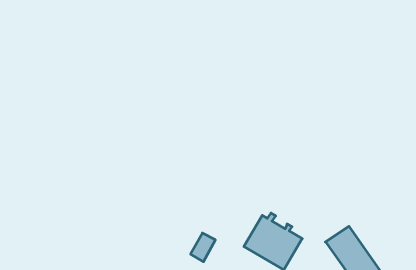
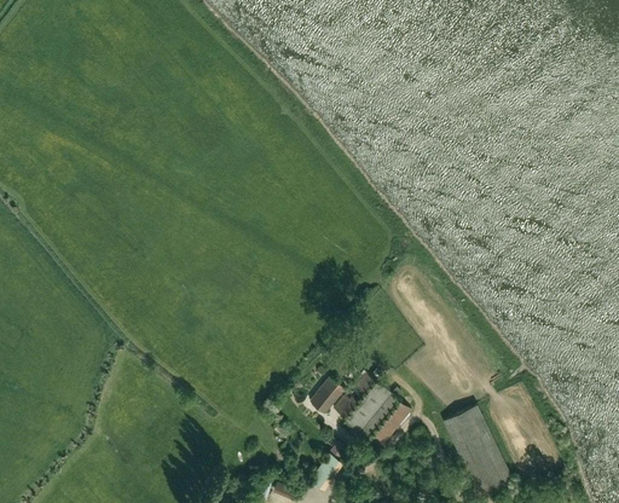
building: [191,233,215,262] -> [308,376,345,415]

